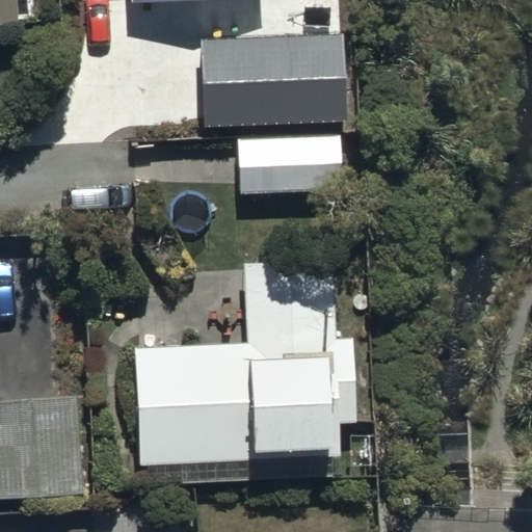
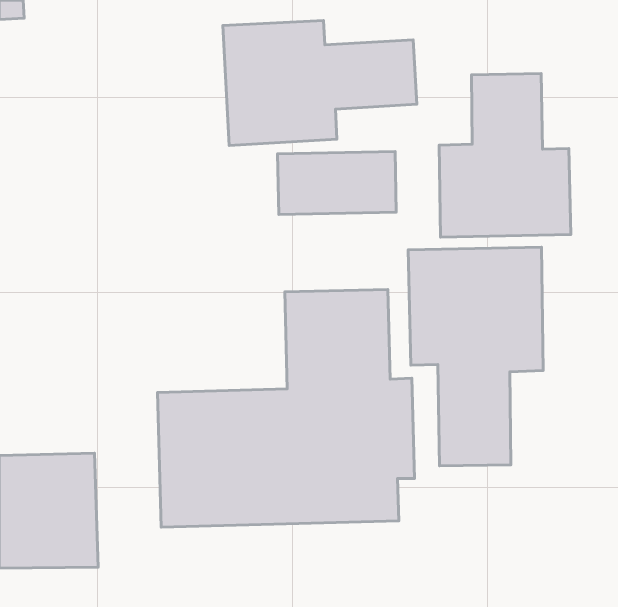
building: none -> [439,74,571,237]
building: none -> [408,247,543,466]

